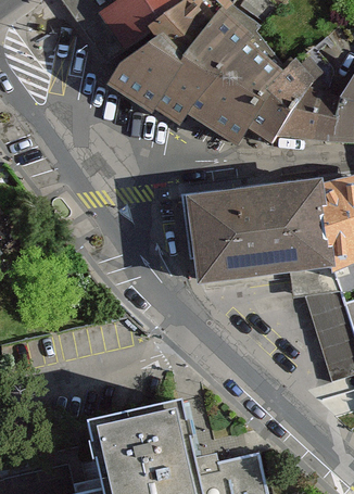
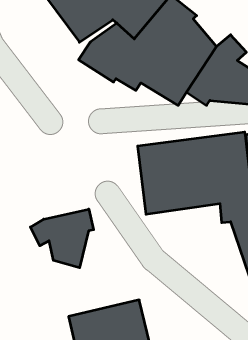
building: none -> [30,209,94,268]

